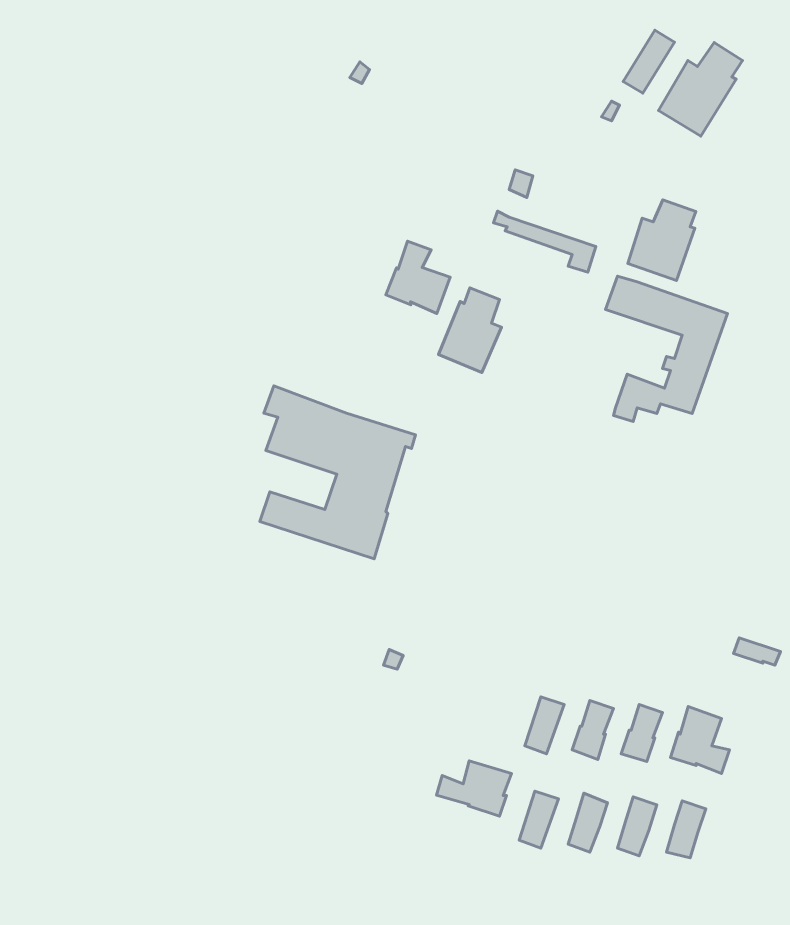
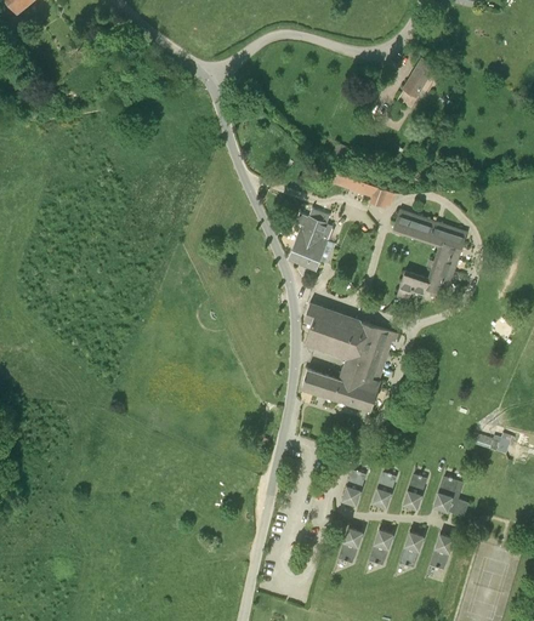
building: [659,43,743,136] -> none
building: [628,200,696,281] -> none
building: [386,241,450,313] -> none
building: [260,386,415,559] -> [301,303,397,410]
building: [437,761,511,816] -> none

